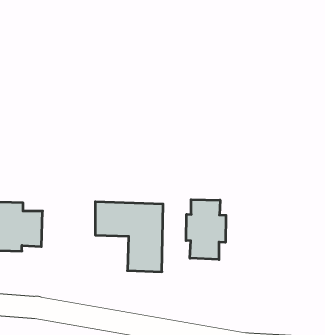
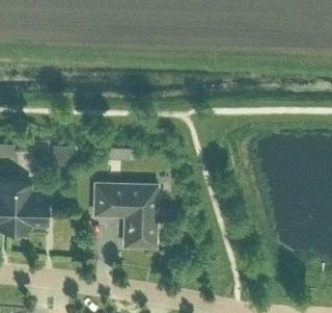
building: [186,200,226,260] -> none

